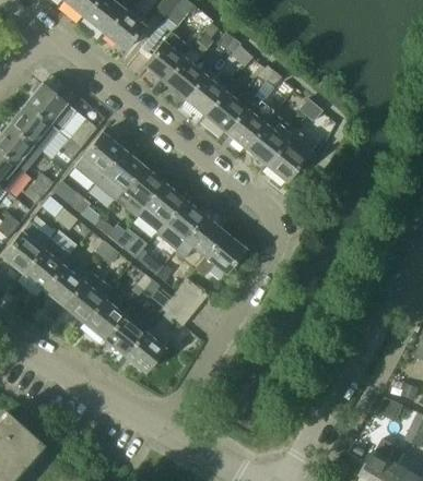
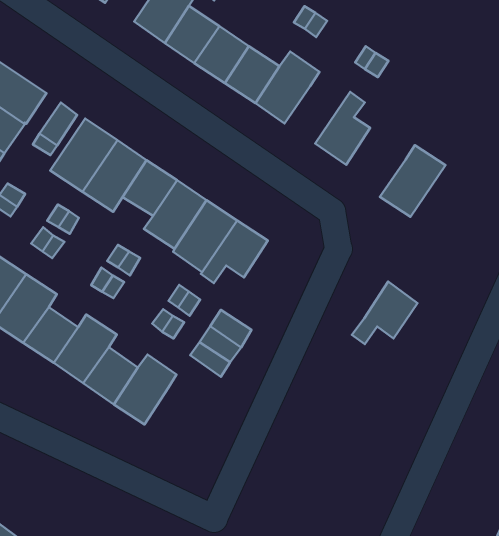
building: [245,115,294,166] -> [380,145,445,217]
building: [196,232,245,276] -> [352,281,417,344]
building: [125,332,165,373] -> none

